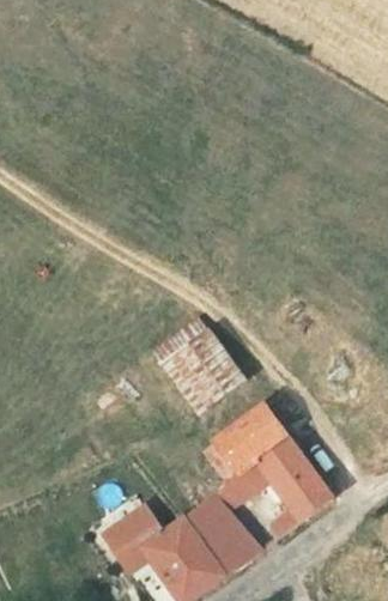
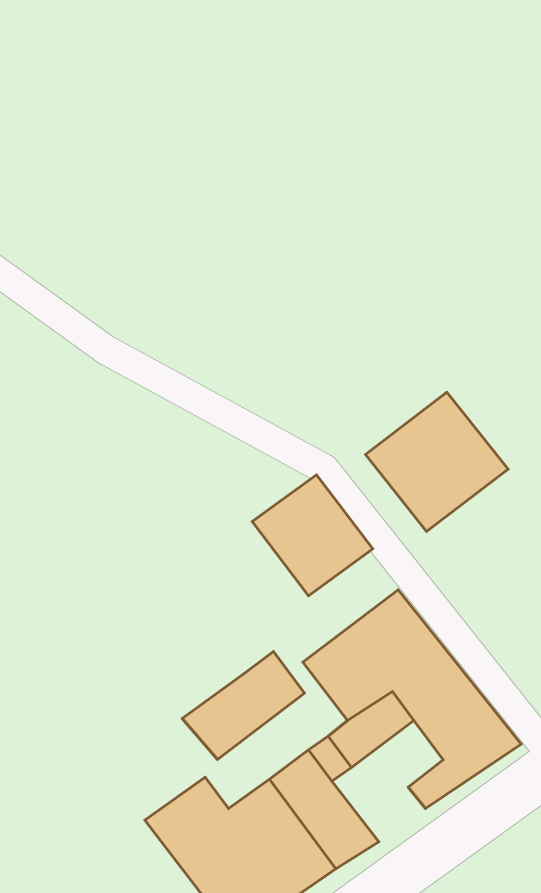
building: none -> [365,392,508,531]
building: none -> [182,652,305,759]

